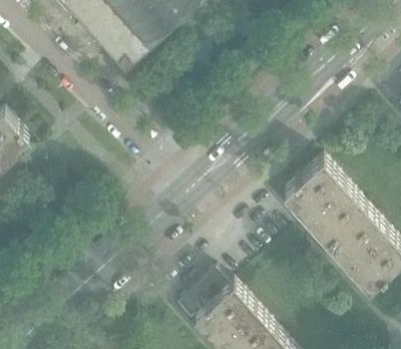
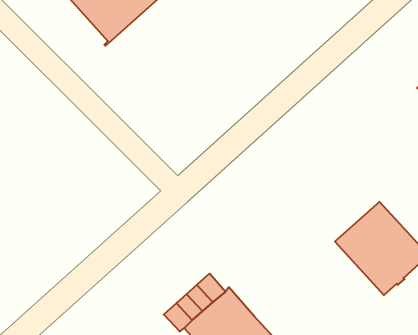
building: [282,160,364,244] -> none

